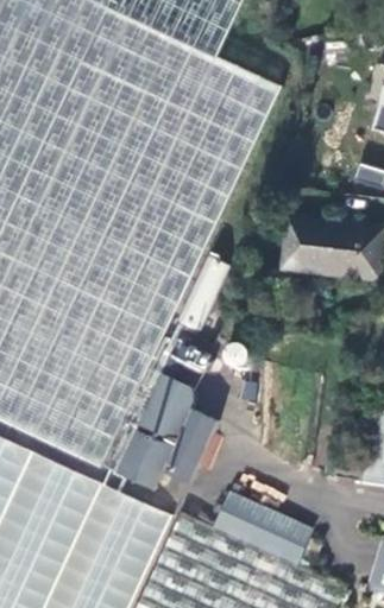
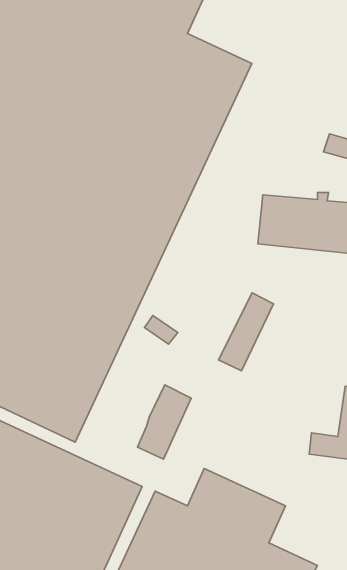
building: [172,254,227,331] -> [219,293,274,371]
building: [139,379,194,444] -> none
building: [115,435,174,494] -> none

